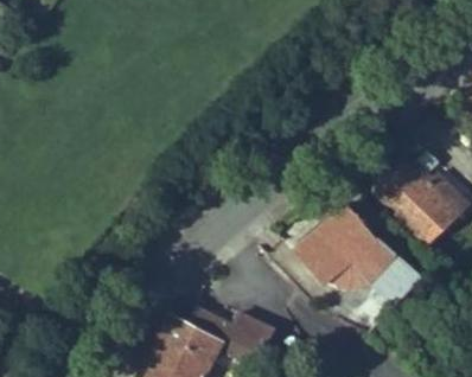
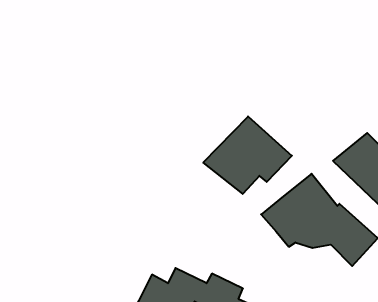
building: none -> [203,116,292,194]

